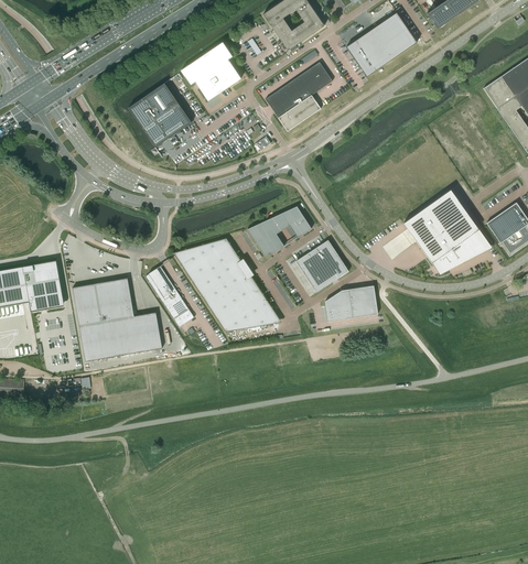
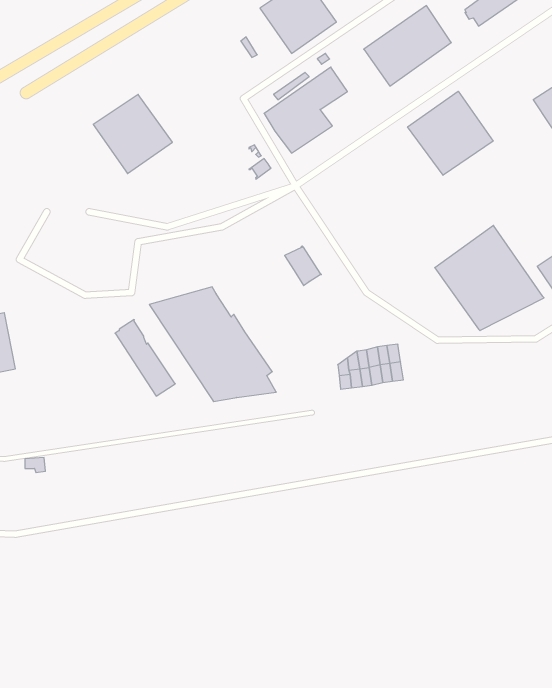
building: [181,41,241,100] -> none
building: none -> [408,91,493,175]
building: [247,213,290,254] -> none
building: [295,241,348,291] -> none
building: [73,276,162,360] -> none

